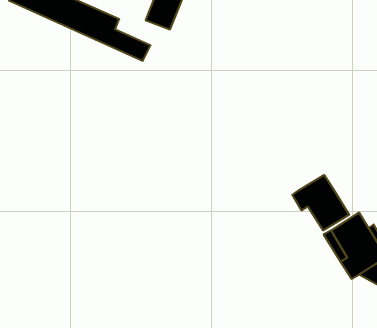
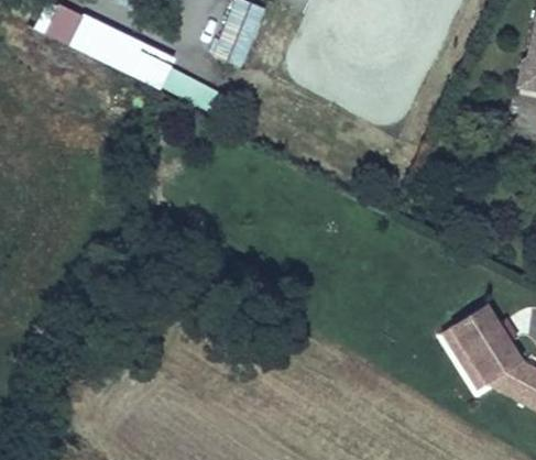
building: [292,175,349,230] -> none

